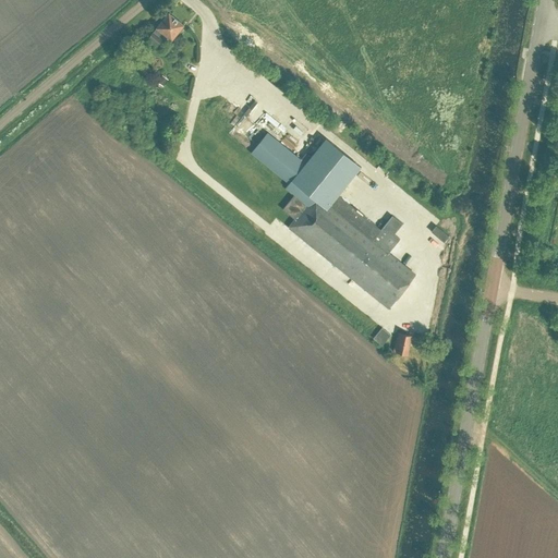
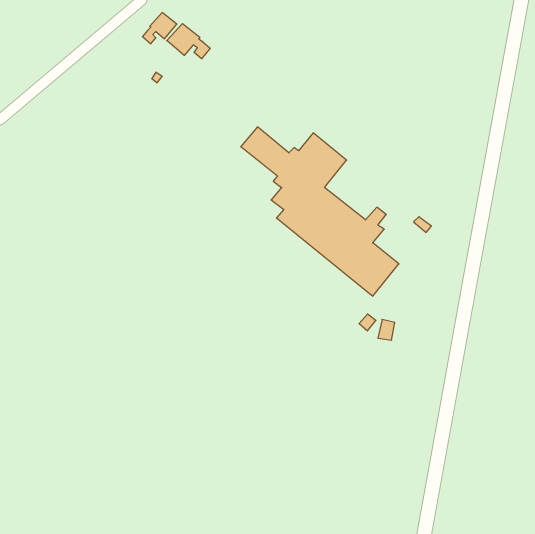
building: none -> [167,24,210,59]

